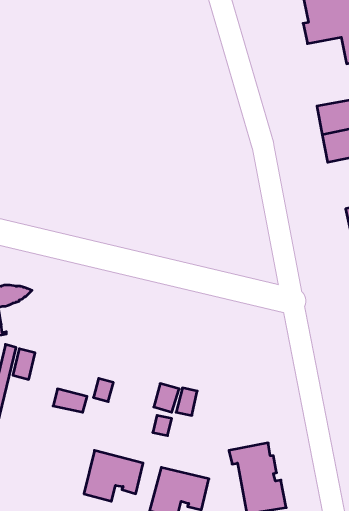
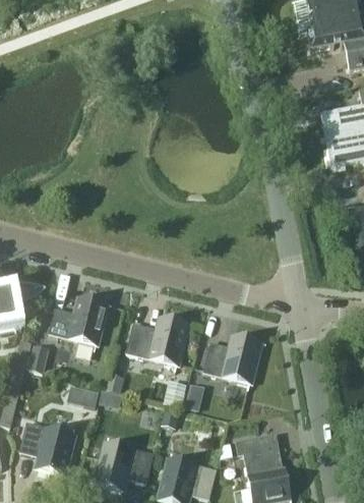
building: none -> [50,295,107,344]
building: none -> [127,316,188,365]
building: none -> [203,334,260,383]
building: none -> [20,422,74,474]

